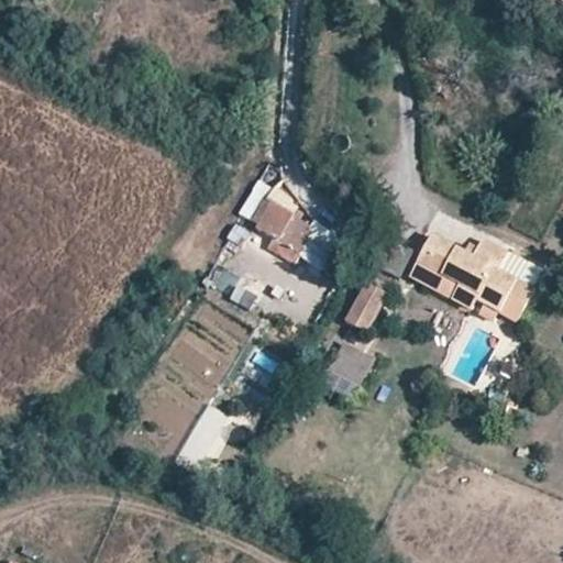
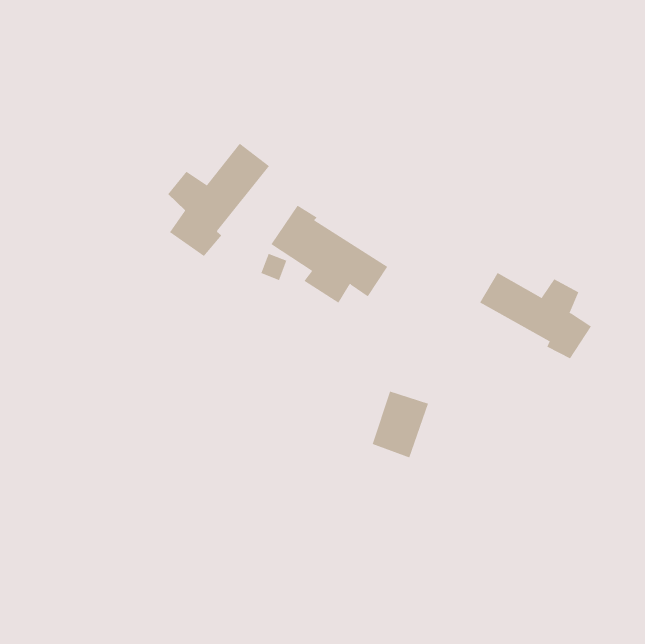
building: none -> [167,143,270,257]
building: [344,276,388,330] -> none

